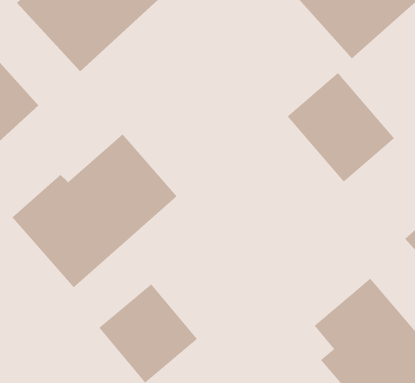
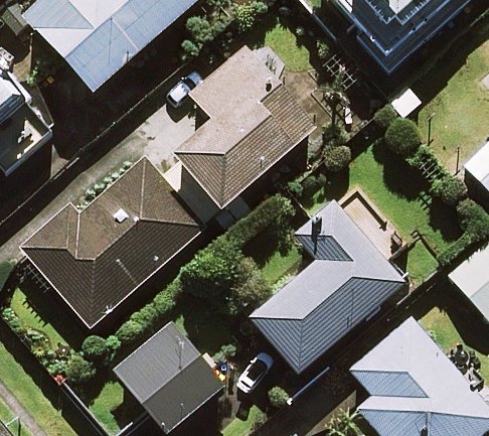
building: none -> [175,45,316,207]
building: [287,72,395,182] -> none
building: none -> [249,201,403,373]

